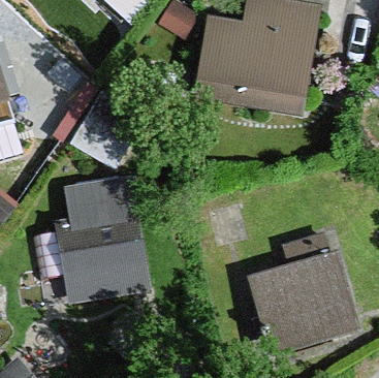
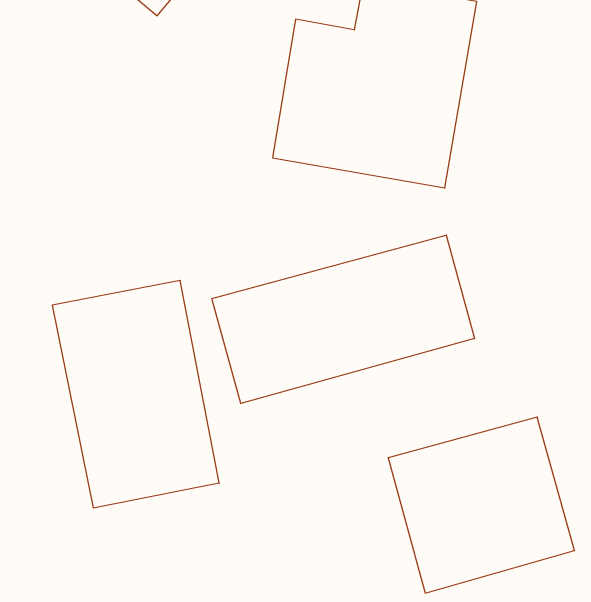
building: none -> [212,235,474,403]

